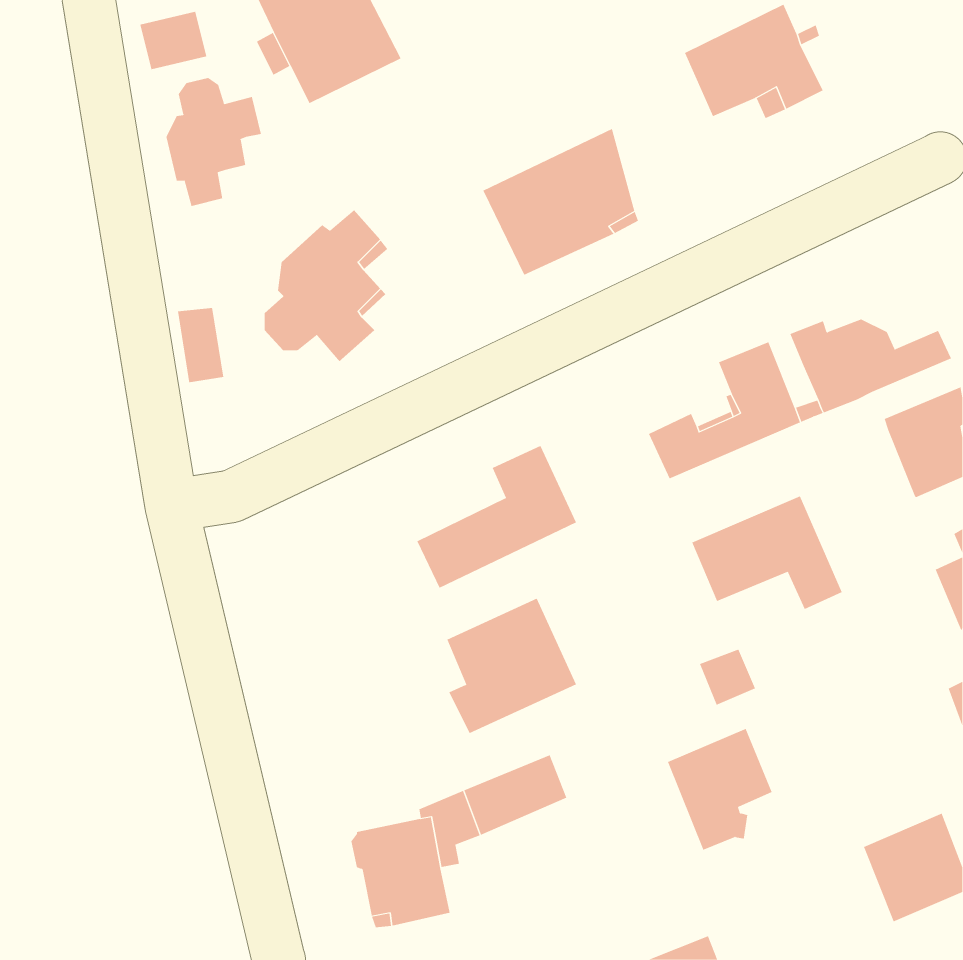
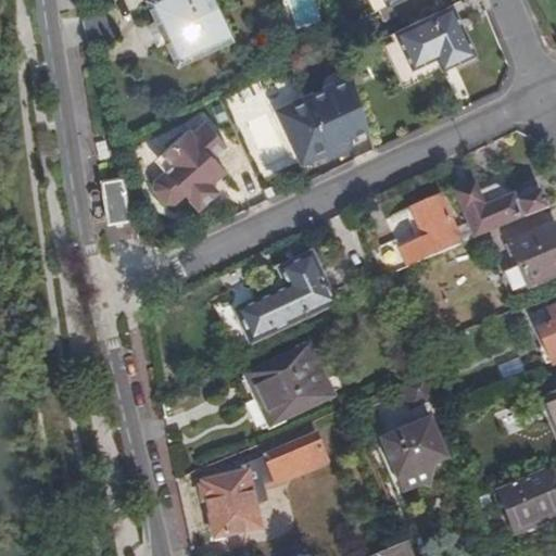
building: [166,77,261,207] -> none
building: [691,496,842,610] -> none

